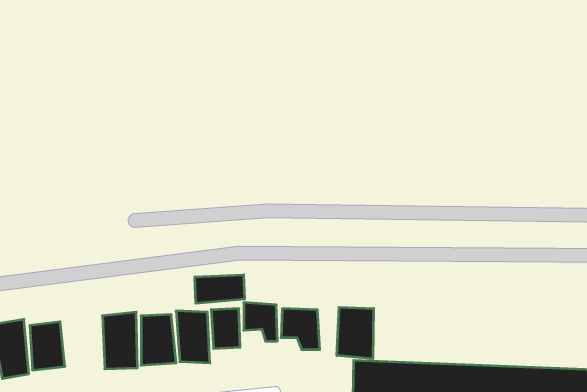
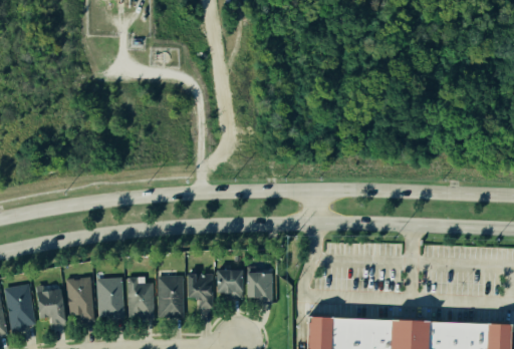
building: [195,275,244,303] -> none
building: [337,307,374,359] -> none
building: none -> [66,275,94,326]

